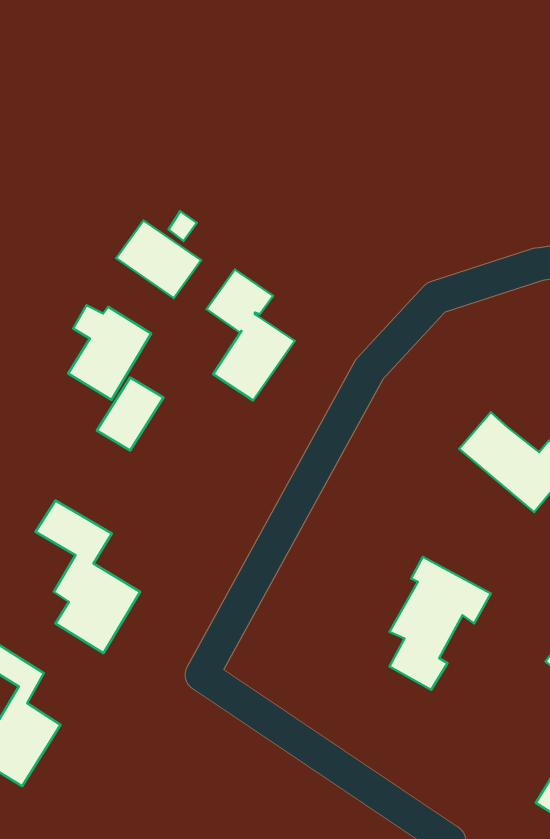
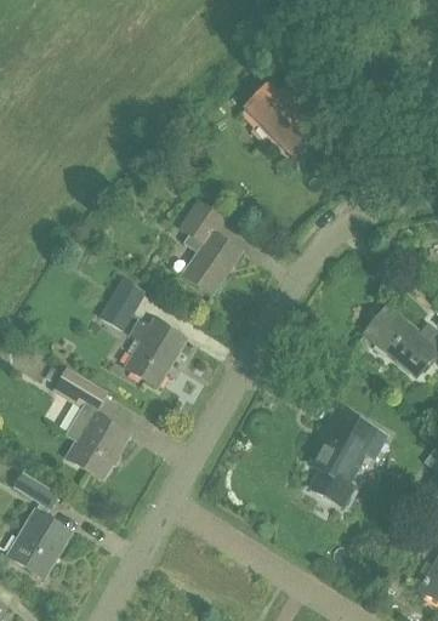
building: none -> [244,82,322,160]
building: [116,220,201,298] -> none
building: [68,305,151,400] -> [125,318,186,387]

